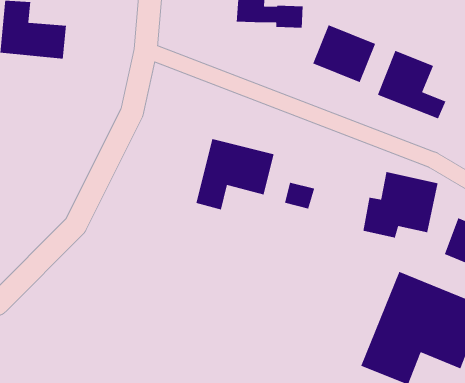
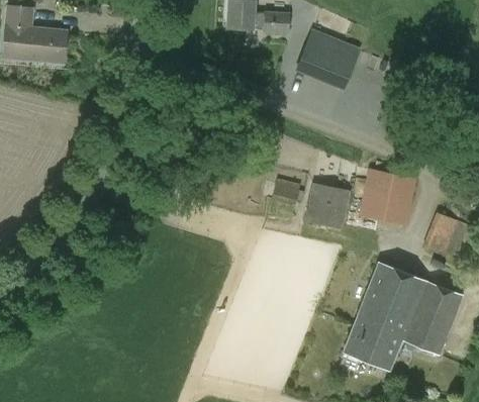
building: [377,50,447,120] -> none
building: [196,138,275,211] -> none
building: none -> [304,182,351,228]

